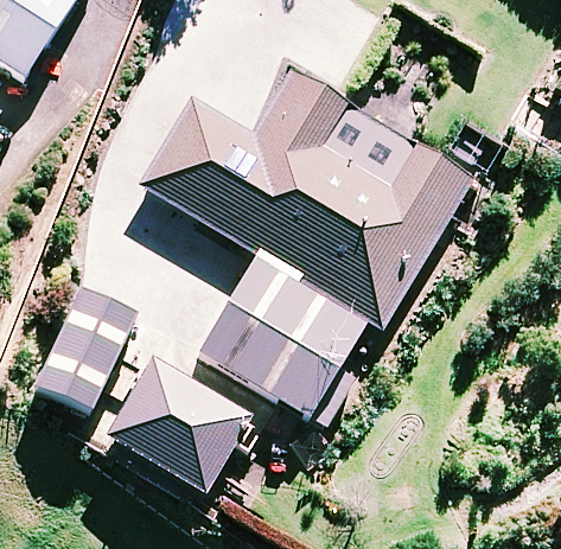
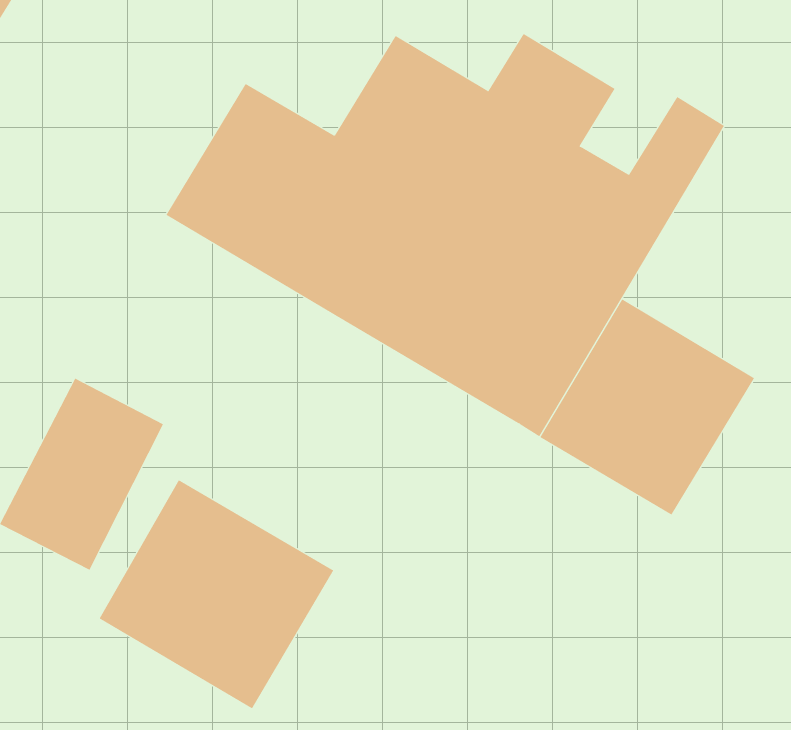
building: none -> [540,299,755,515]
building: [197,253,369,428] -> none

